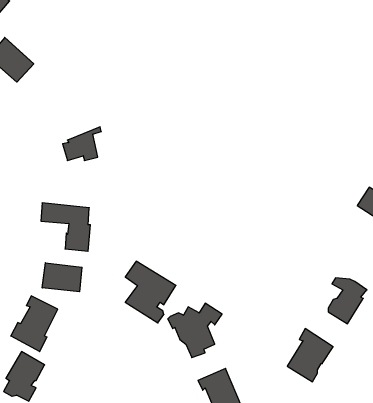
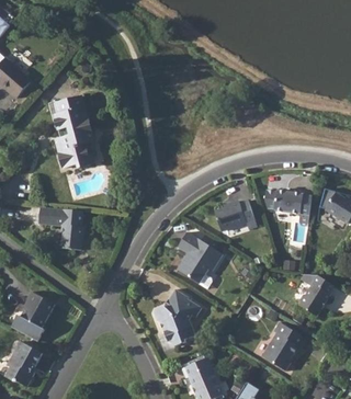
building: none -> [55,96,92,149]
building: none -> [265,187,312,226]
building: none -> [216,201,257,230]
building: [125,261,176,323] -> [177,231,223,287]
building: [42,263,82,292] -> none

